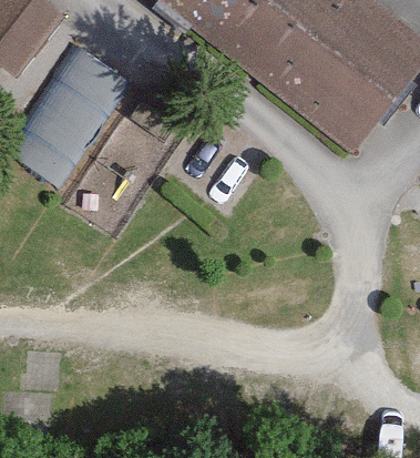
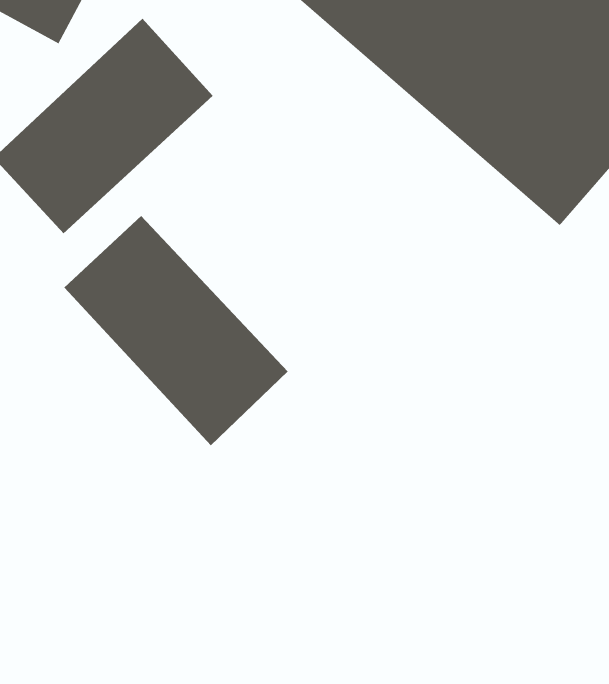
building: none -> [63,215,289,446]

